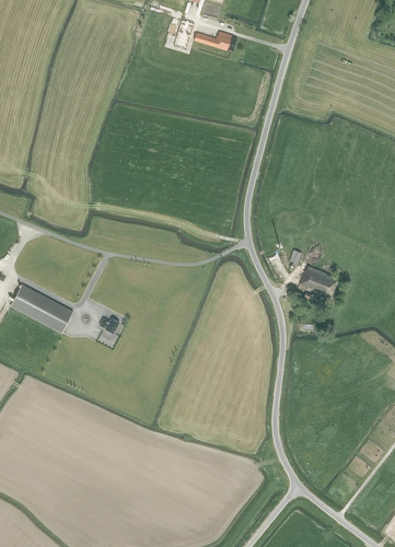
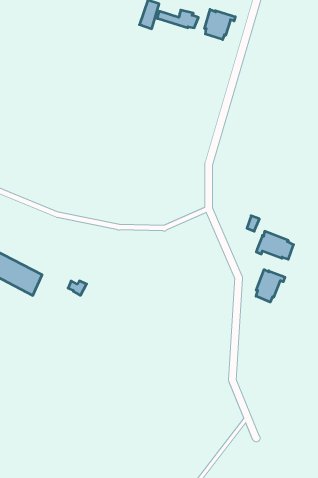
building: none -> [205,9,235,40]
building: none -> [256,270,285,302]

